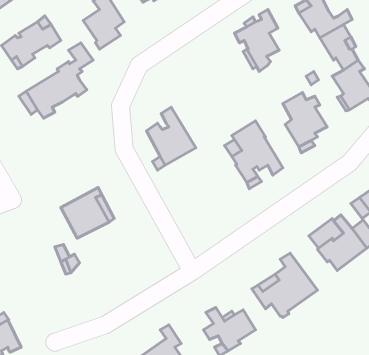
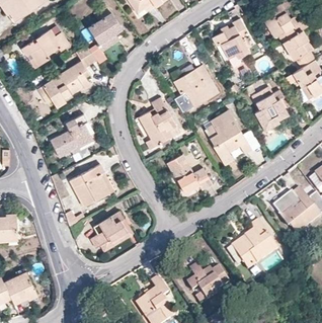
building: none -> [173,65,213,106]
building: none -> [51,114,93,156]
building: none -> [168,154,212,192]
building: none -> [91,211,133,252]

